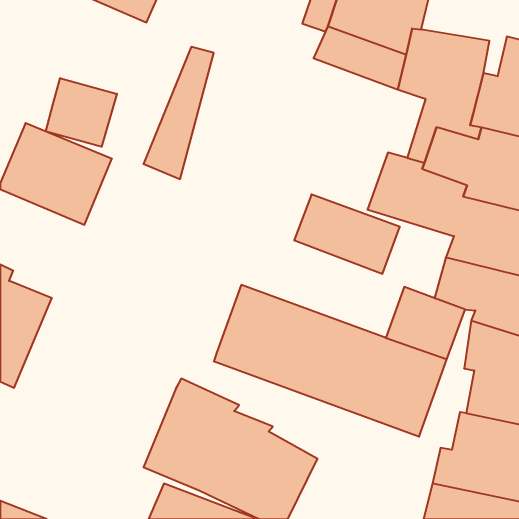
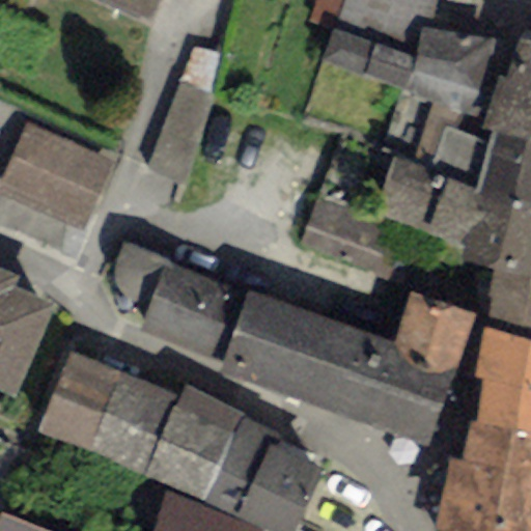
building: [46,78,117,147] -> none
building: none -> [114,242,247,359]
building: none -> [37,351,180,476]

